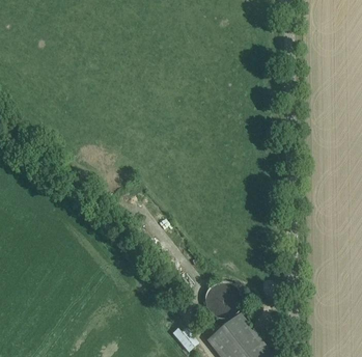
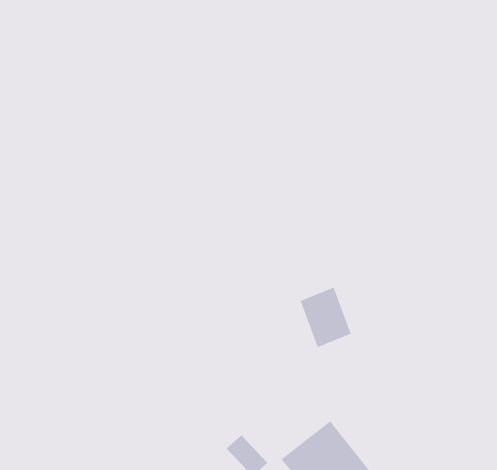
building: [204,280,239,321] -> [300,287,351,348]

